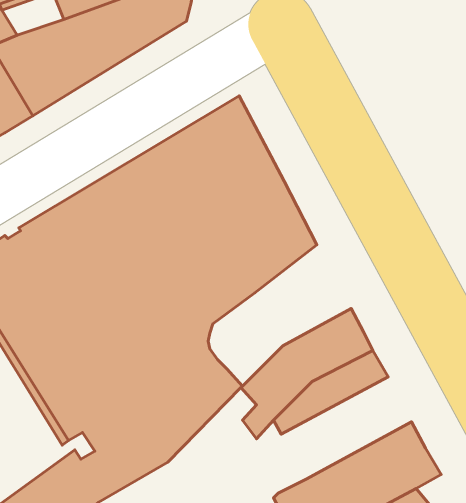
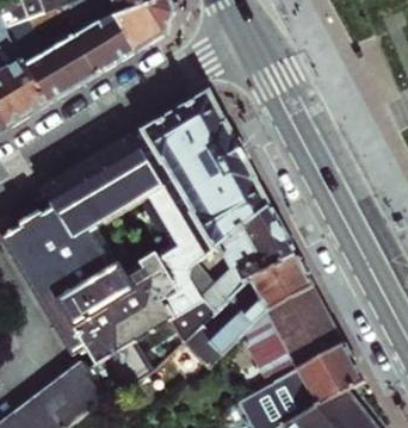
building: none -> [199,203,295,311]
building: none -> [241,304,341,383]

